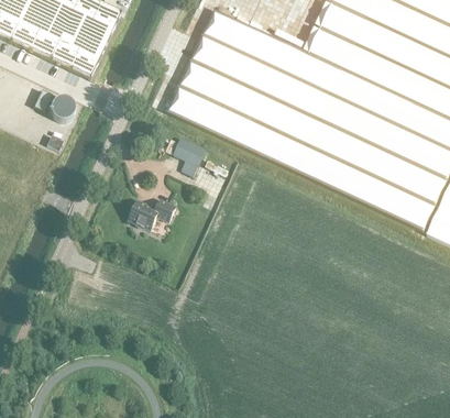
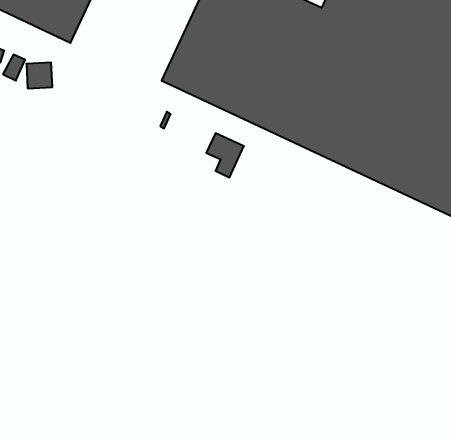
building: [175,136,207,174] -> [206,133,244,177]
building: [130,198,177,228] -> none

